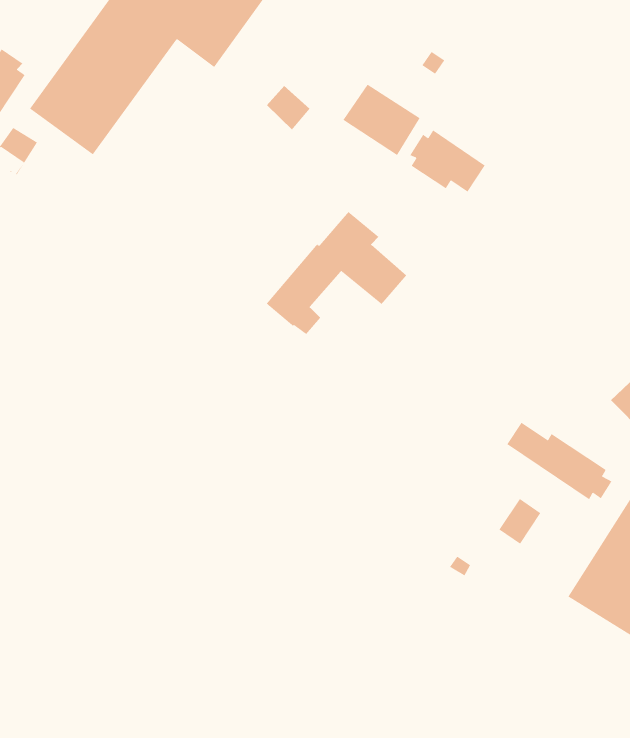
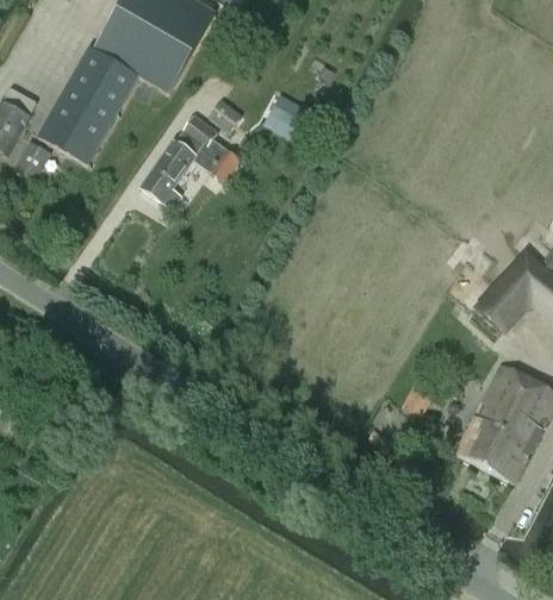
building: [409,129,485,192] -> none
building: [266,211,407,335] -> [139,115,240,207]
building: [507,422,612,500] -> none

